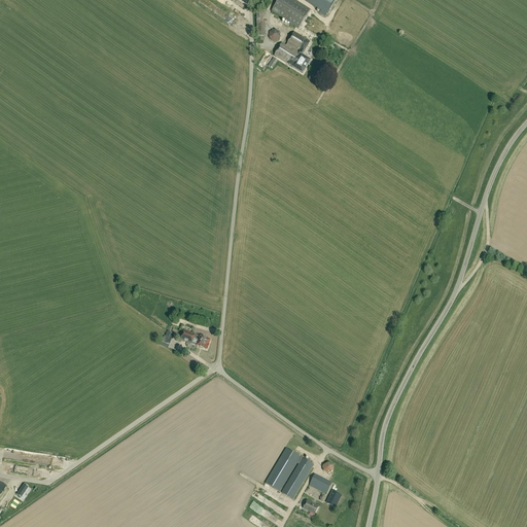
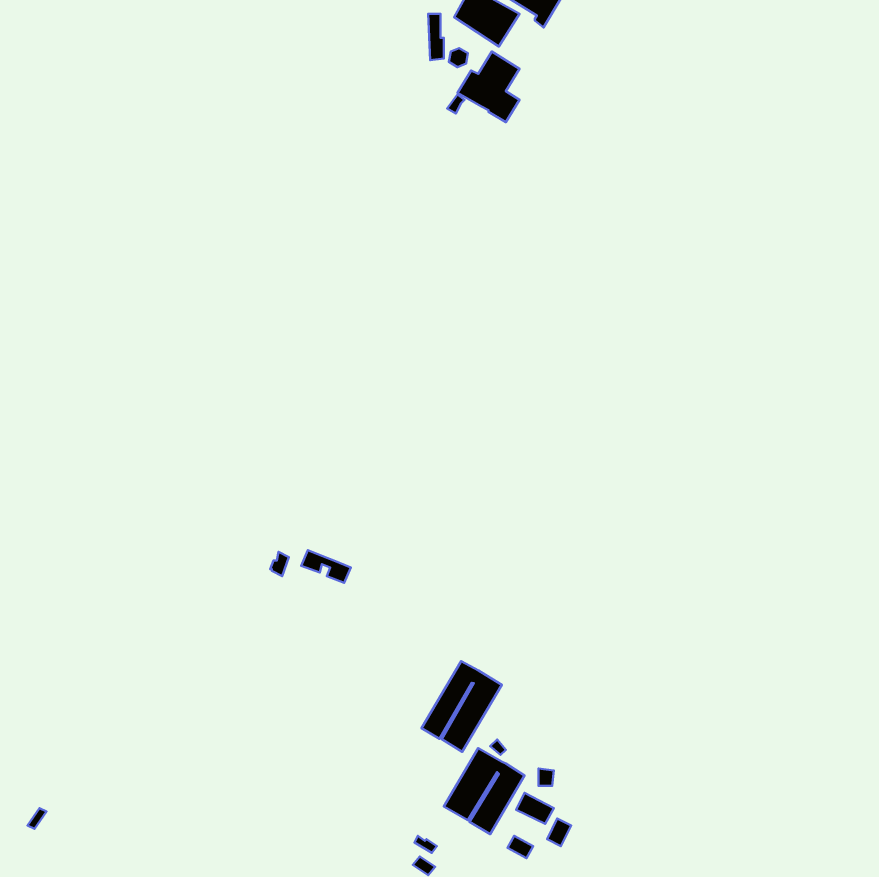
building: none -> [422,661,502,752]

